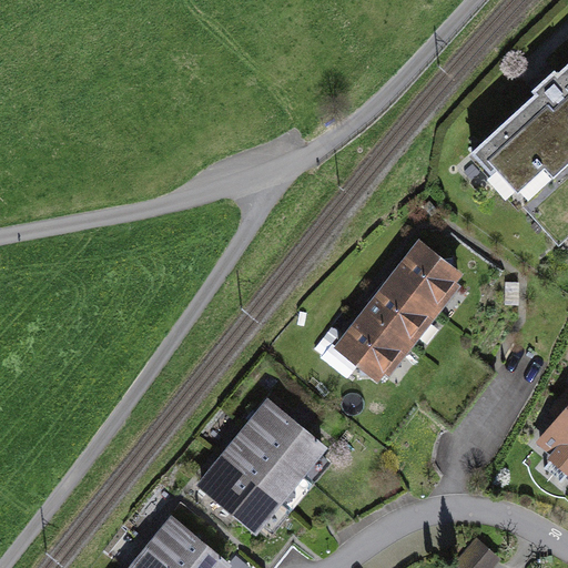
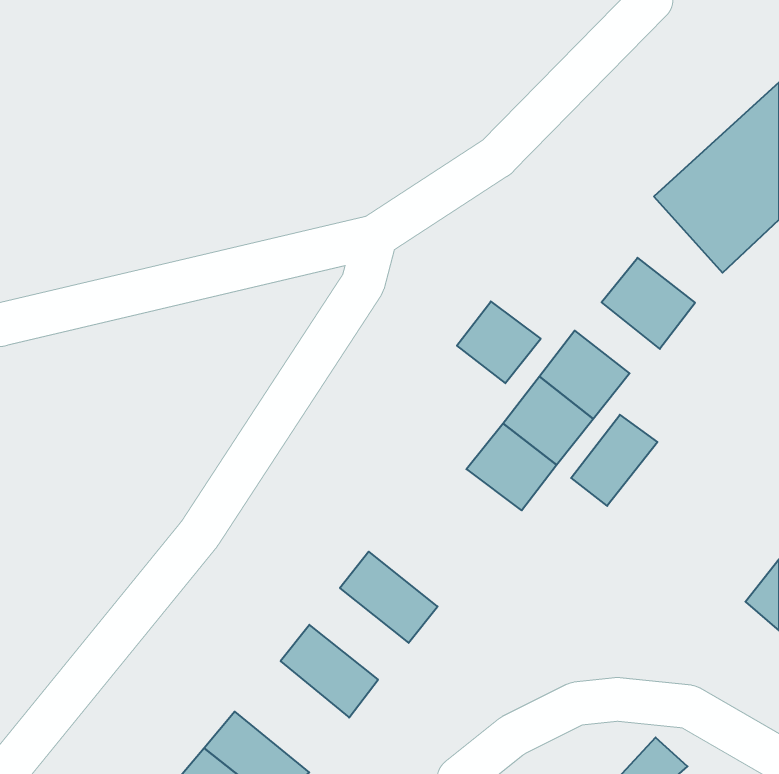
building: none -> [602,258,695,349]
building: none -> [457,301,541,383]
building: none -> [571,415,657,506]
building: [225,432,297,498] -> none

